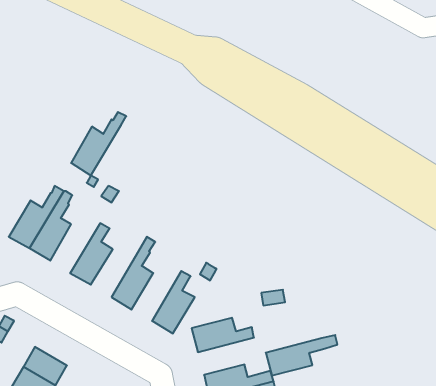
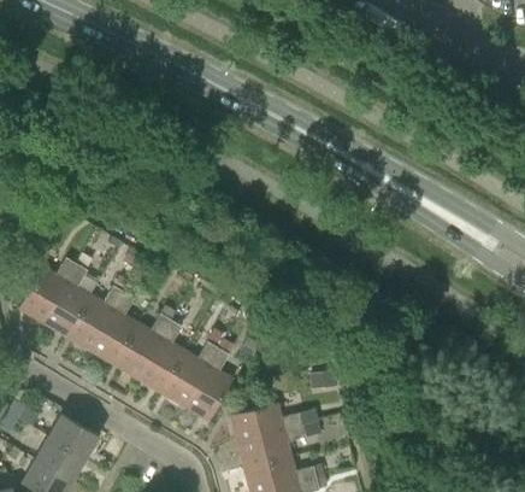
building: [71,112,126,175] -> [65,276,129,350]
building: none -> [112,314,170,377]
building: none -> [159,332,223,405]
building: none -> [47,412,98,457]
building: [266,335,337,376] -> [236,421,319,468]

